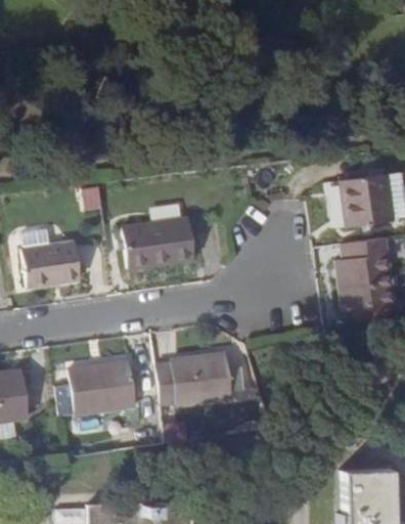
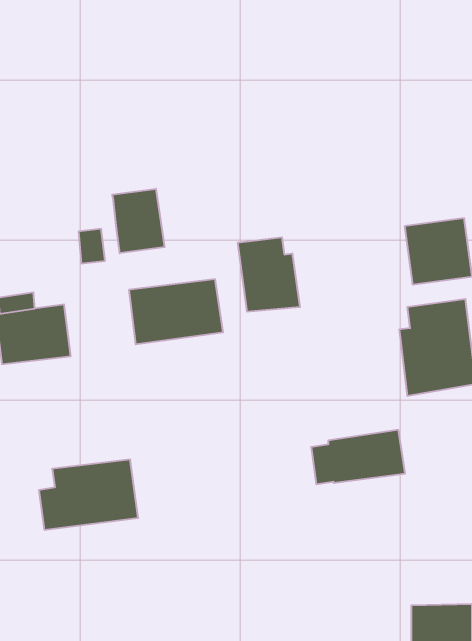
building: none -> [112,189,165,253]
building: none -> [238,237,300,312]
building: [158,354,230,396] -> [311,430,405,484]

